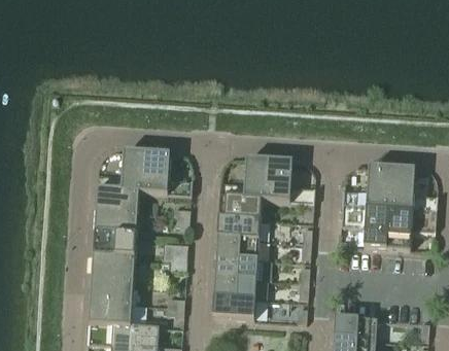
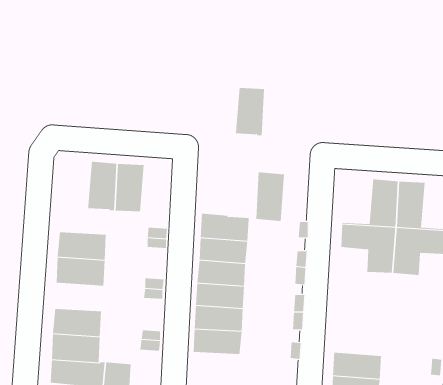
building: [244,157,270,200] -> [235,88,265,136]
building: [97,187,140,213] -> none
building: [93,255,136,280] -> none

